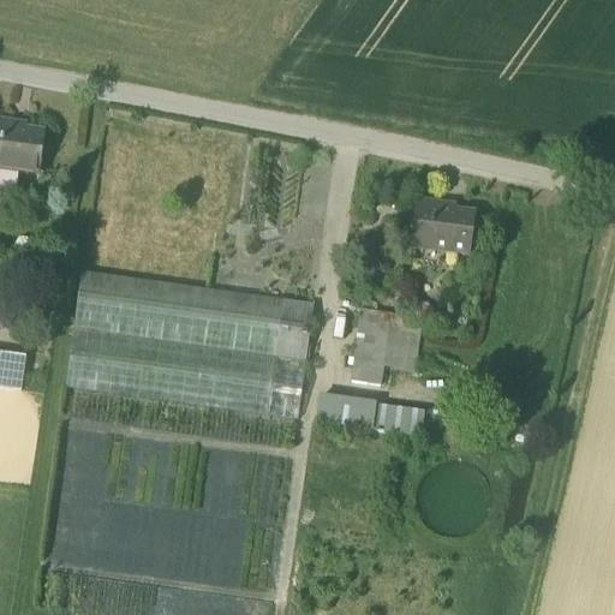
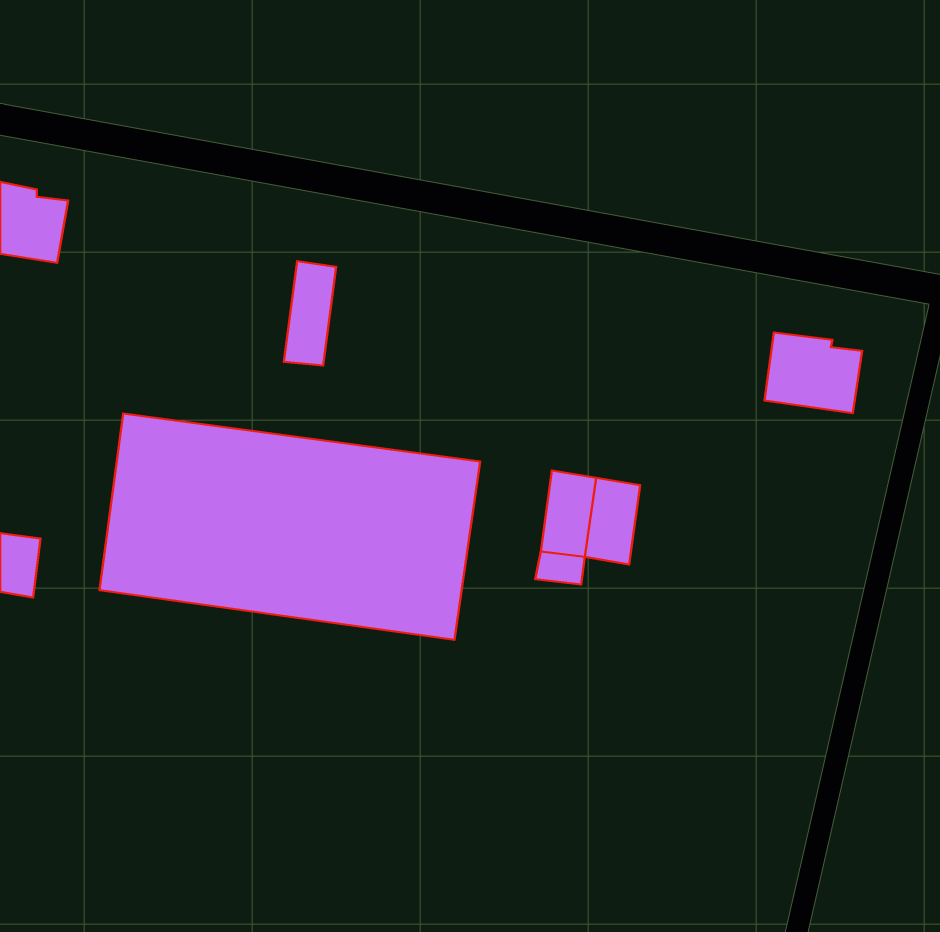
building: none -> [284,261,336,365]
building: [411,199,474,252] -> [765,332,862,413]
building: [316,392,426,436] -> none

